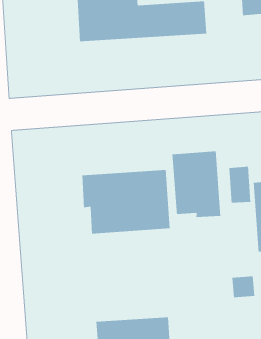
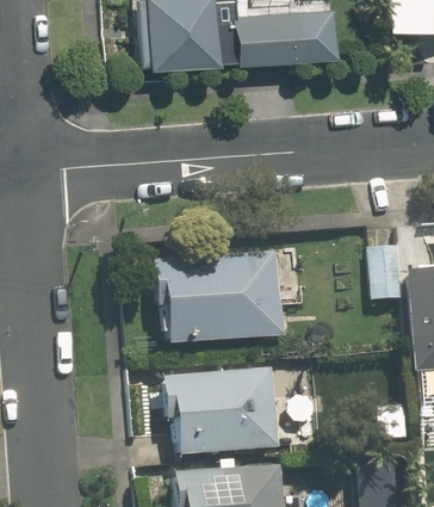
building: [172,150,221,218] -> none
building: none -> [165,367,275,456]

